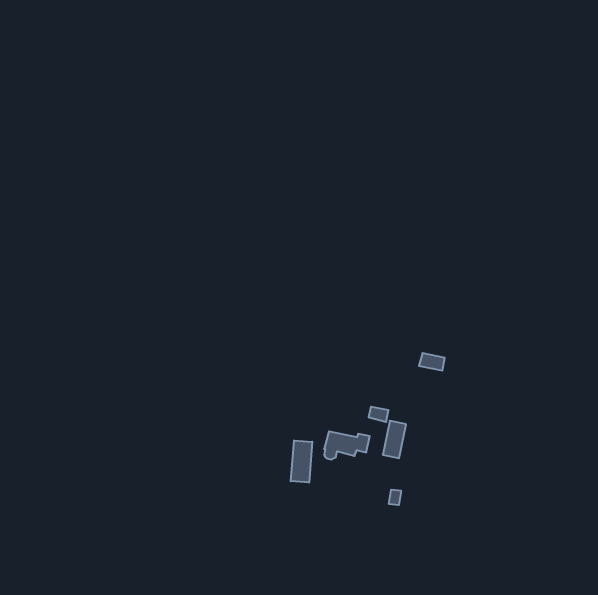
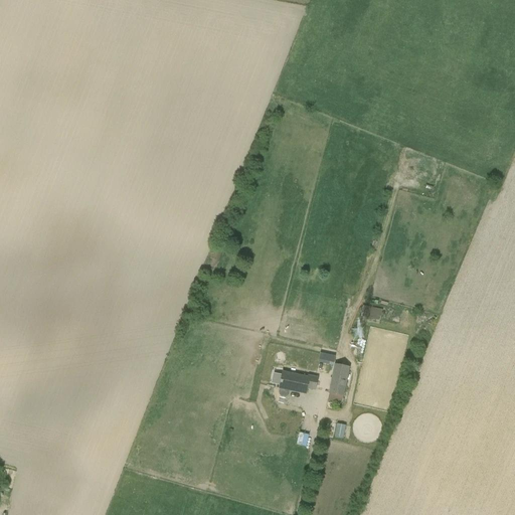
building: [291,440,312,483] -> none

